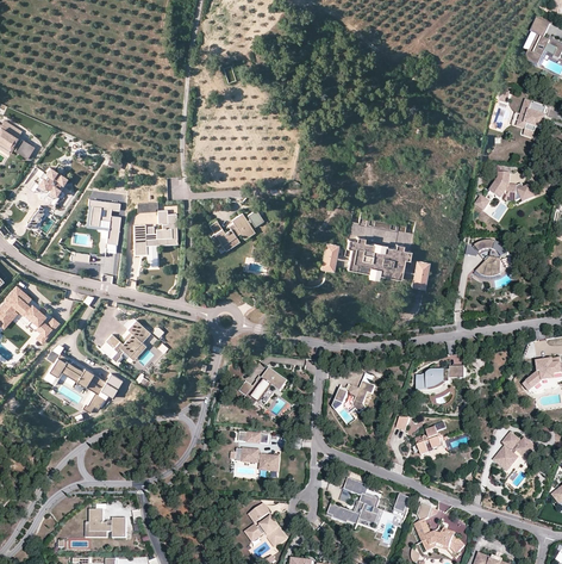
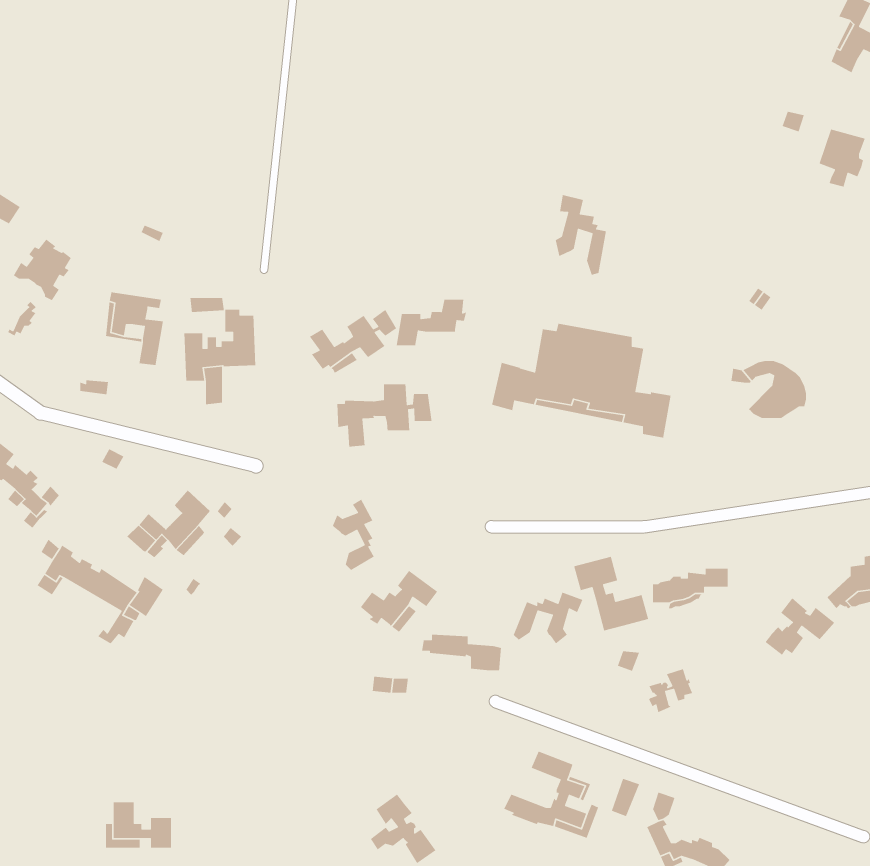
building: none -> [555,194,607,276]
building: [491,172,533,200] -> none
building: none -> [396,299,467,346]
building: none -> [337,383,432,447]
building: none -> [332,498,375,571]
building: none -> [573,556,649,632]
building: [493,432,536,467] -> [765,597,835,656]
building: [230,447,279,470] -> [421,634,502,671]

